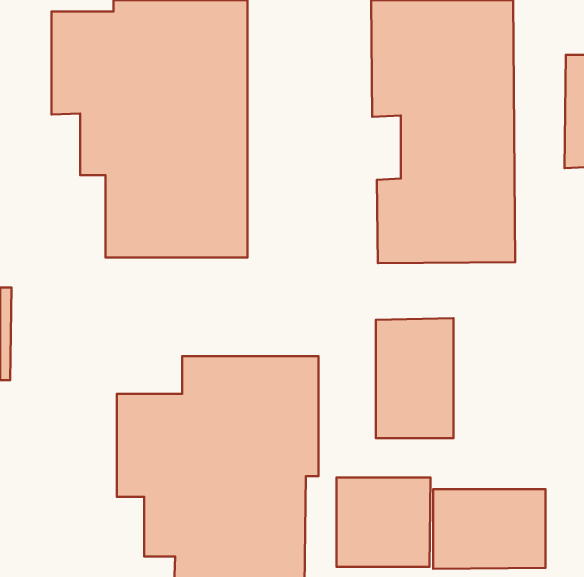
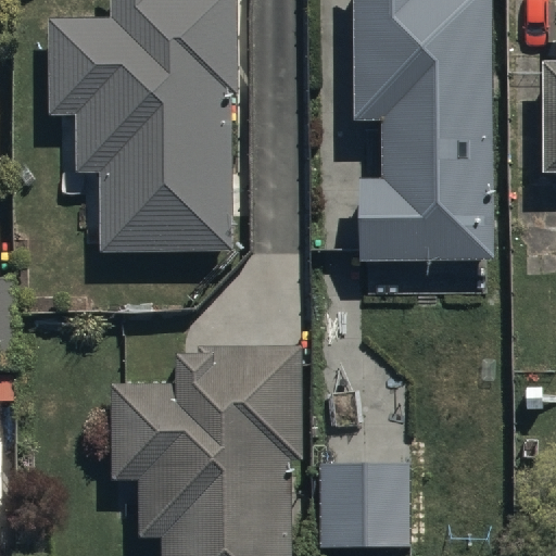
building: [376,318,453,438] -> none
building: [433,489,545,569] -> none

